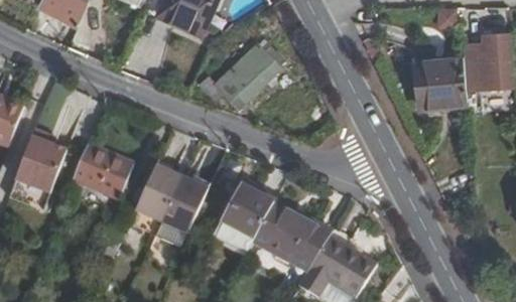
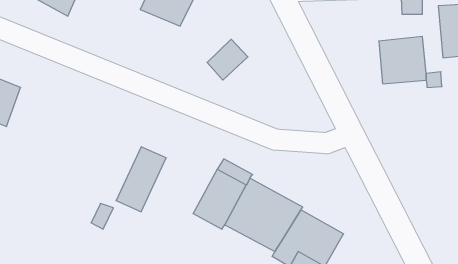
building: [12,123,70,201] -> none
building: [71,150,133,205] -> none
building: [155,179,208,250] -> none

